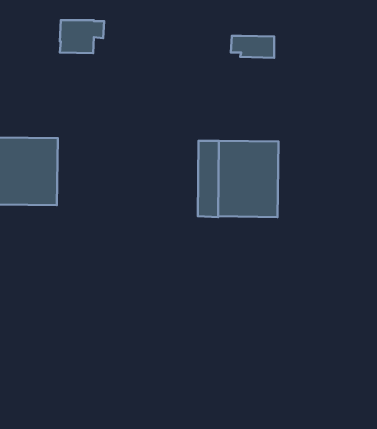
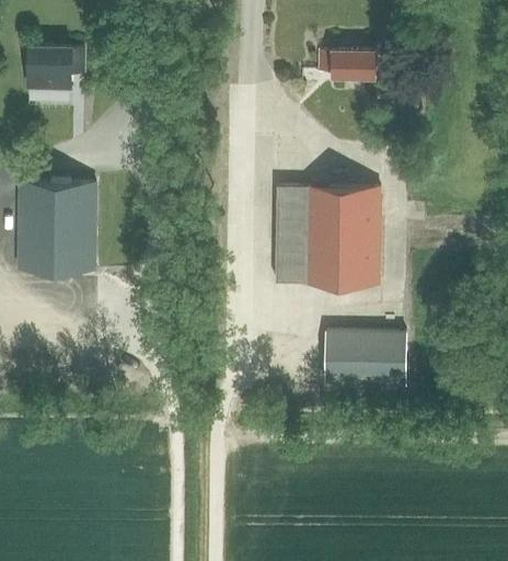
building: [60,20,104,53] -> [27,47,84,90]
building: none -> [324,332,407,389]

